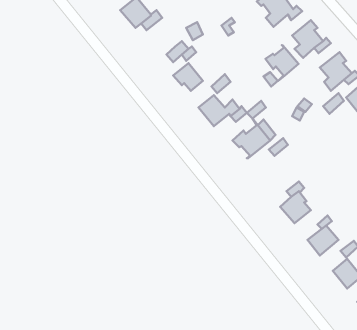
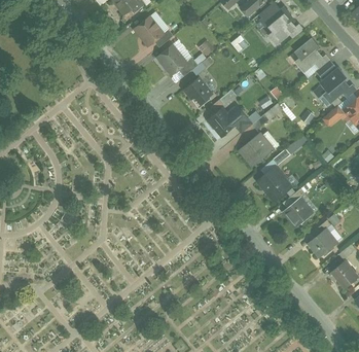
building: none -> [155,45,184,75]
building: [266,45,298,81] -> none
building: none -> [256,167,291,202]

